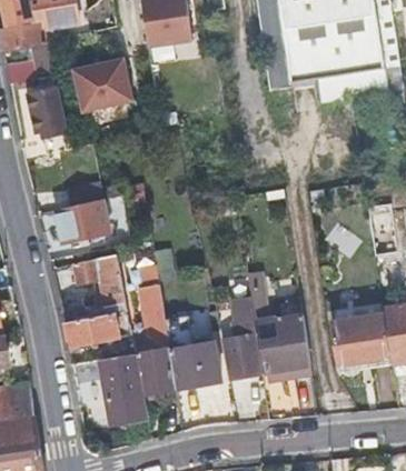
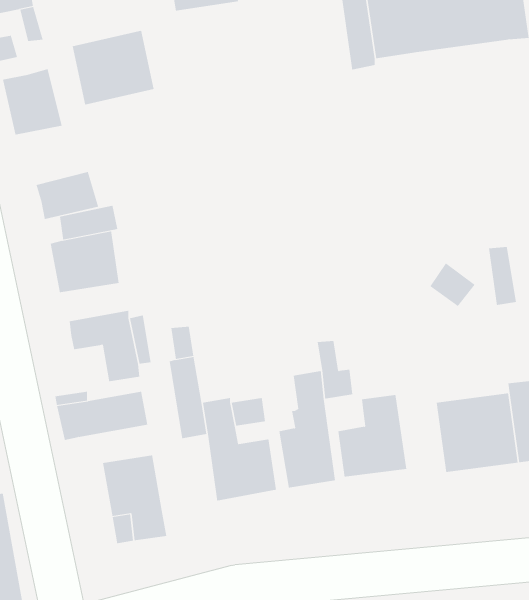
building: [317,66,385,100] -> none
building: none -> [36,171,99,220]
building: [132,348,177,394] -> none

